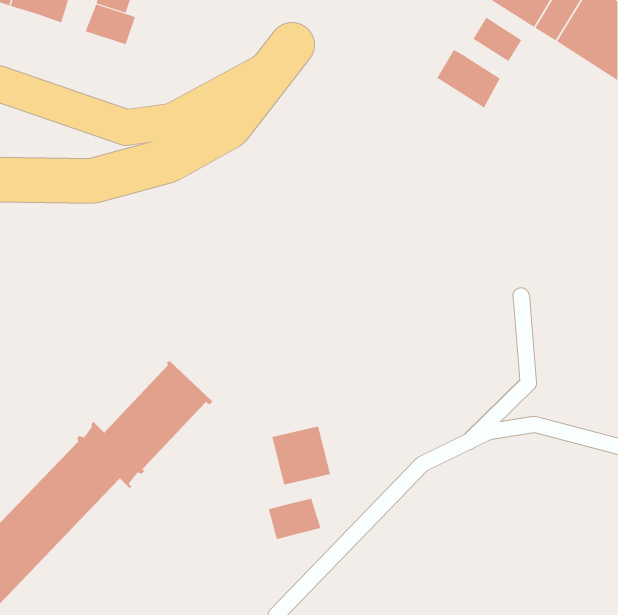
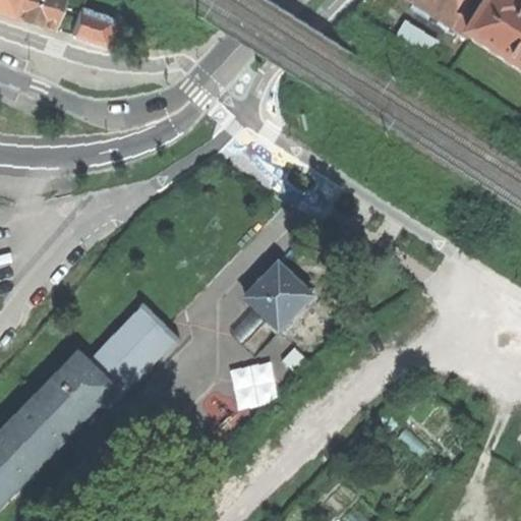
building: [437,49,500,108] -> none
building: none -> [246,263,312,330]
building: [268,498,321,540] -> none

